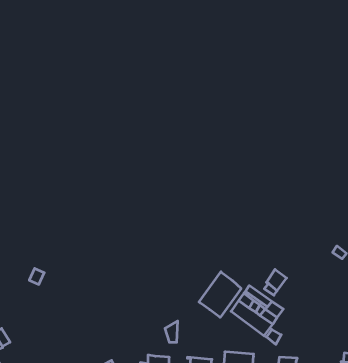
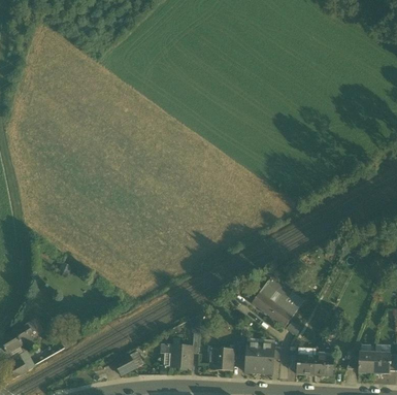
building: [199,272,241,317] -> none

